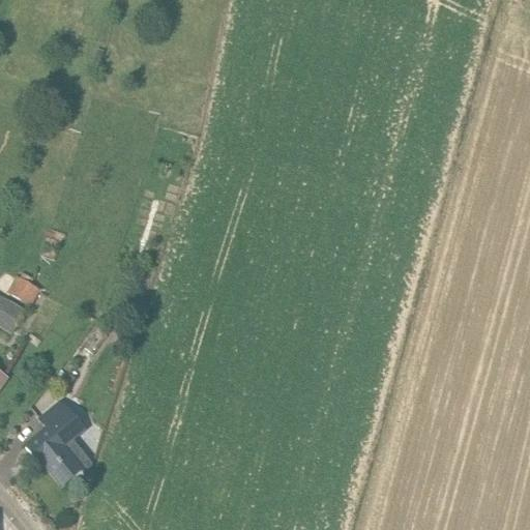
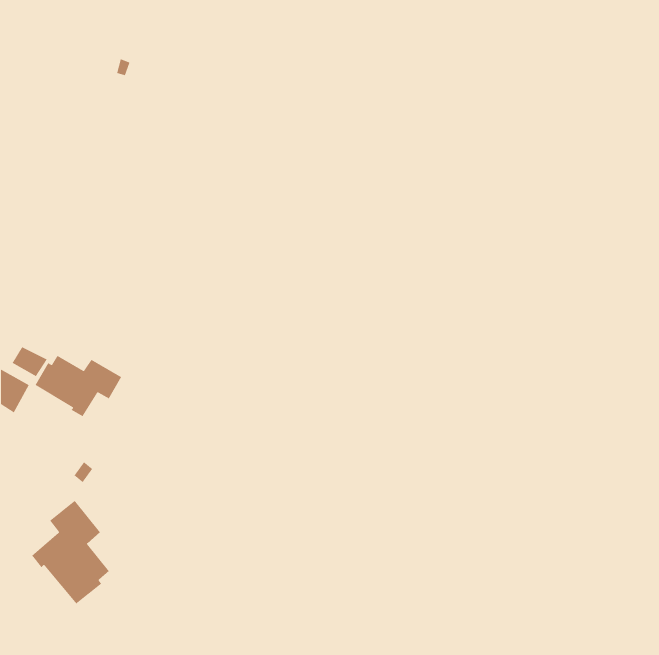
building: none -> [35,355,122,417]

